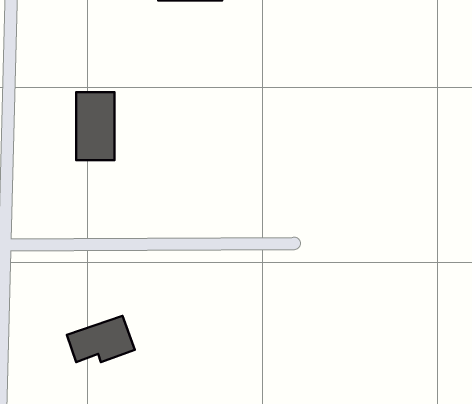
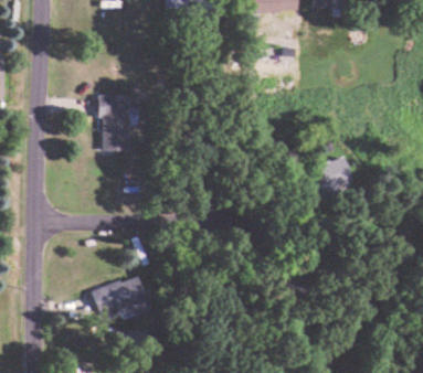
building: none -> [313,154,353,193]

